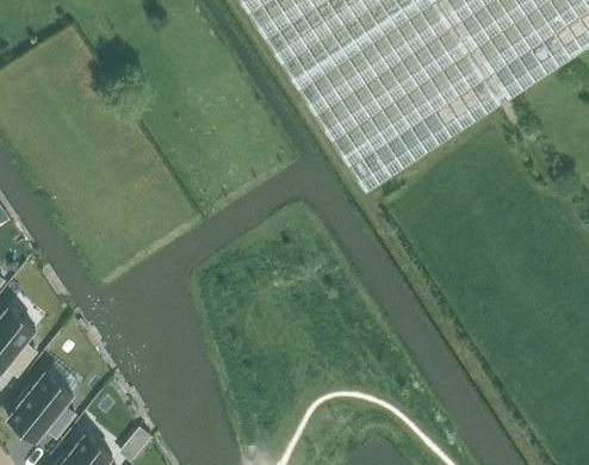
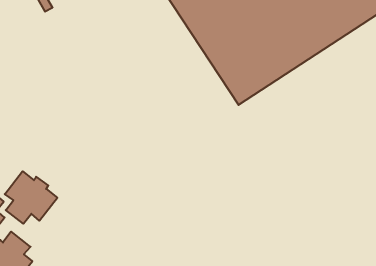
building: none -> [5,171,57,224]

